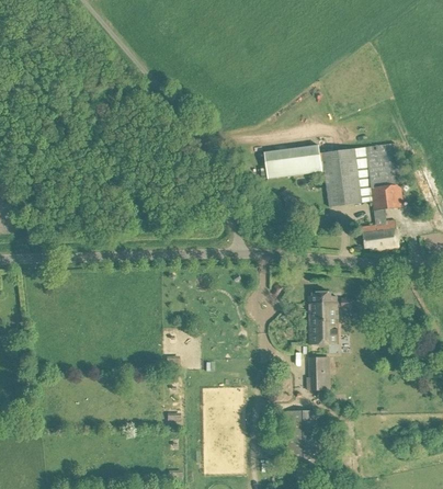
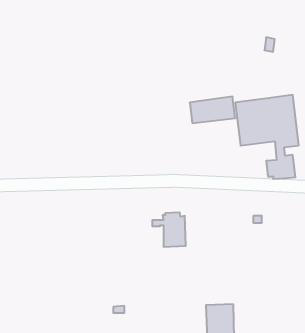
building: [295,293,338,337] -> [152,212,186,247]
building: [305,357,330,390] -> none

